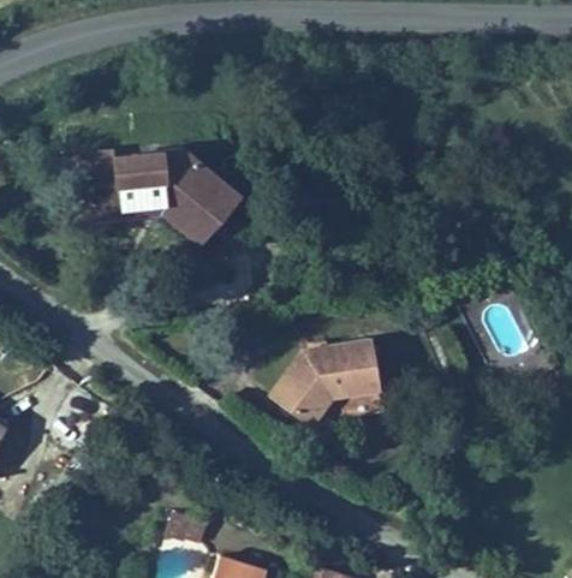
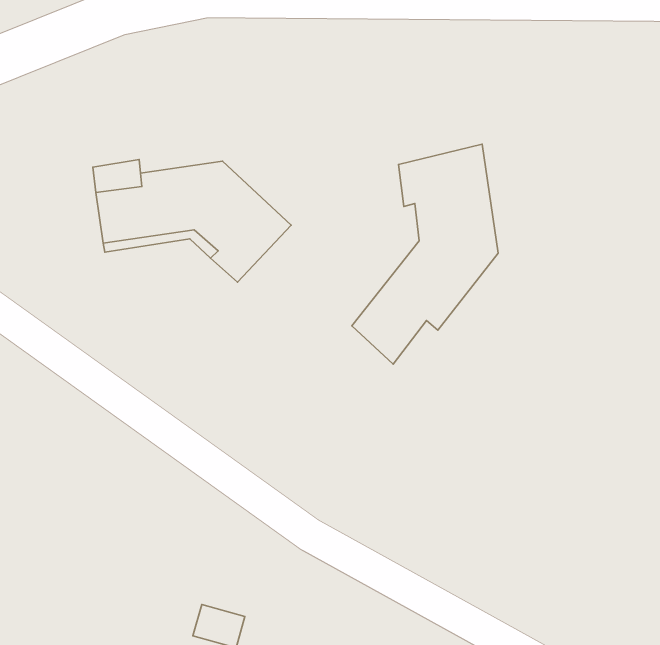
building: none -> [352,144,498,364]
building: [269,338,382,431] -> none

